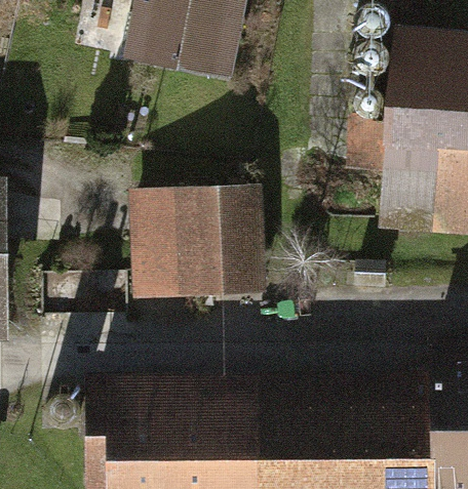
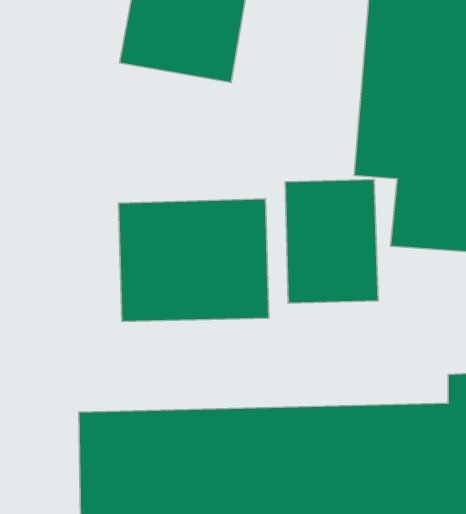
building: none -> [285,179,378,303]

